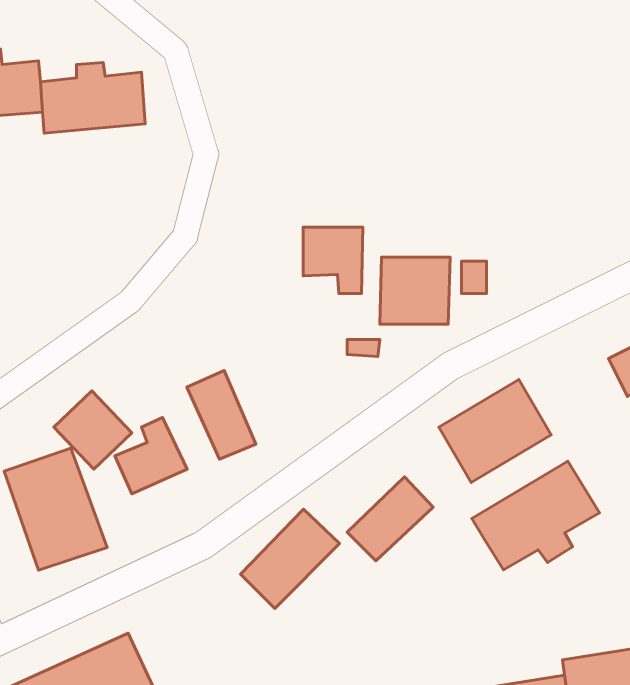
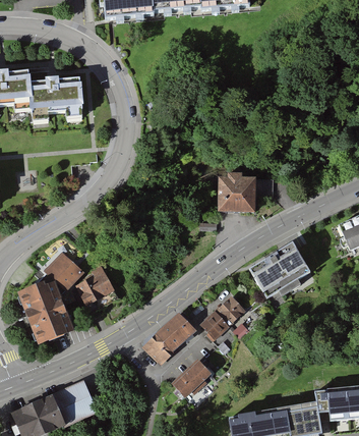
building: [303,227,363,294] -> none
building: [187,370,256,459] -> none
building: [472,461,600,570] -> none
building: none -> [173,359,213,398]

